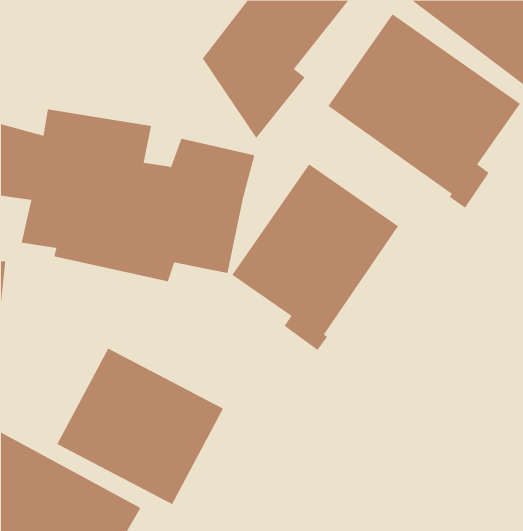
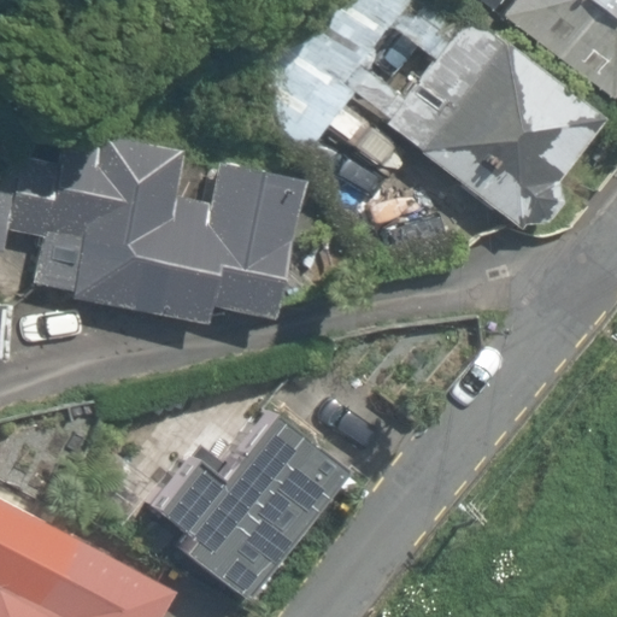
building: [231,163,399,351] -> none

